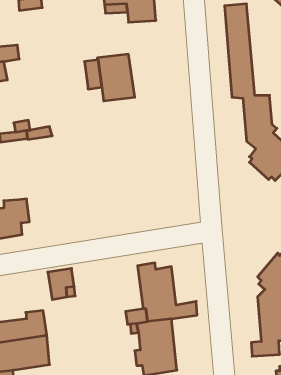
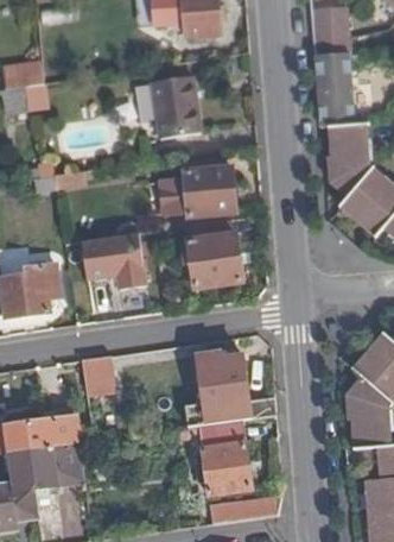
building: none -> [161,163,234,215]
building: none -> [185,231,243,286]
building: none -> [81,232,147,288]

